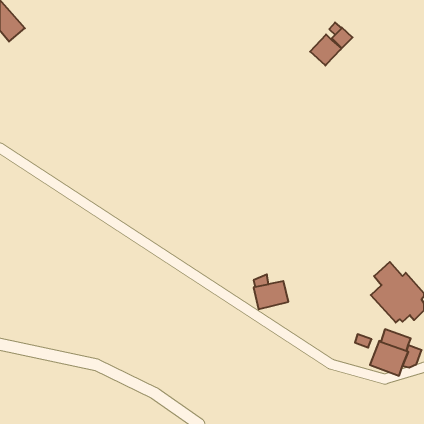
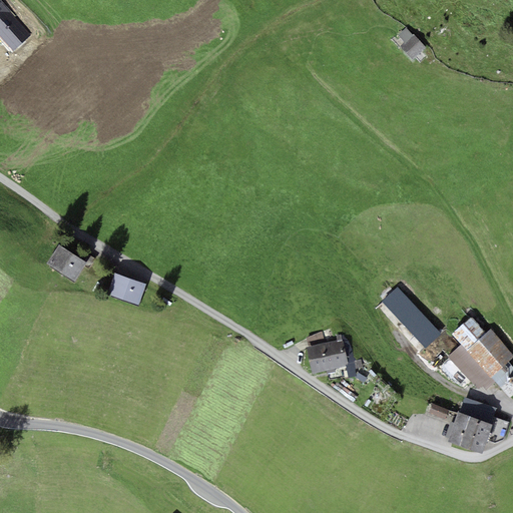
building: [310,34,341,66] -> none
building: none -> [46,244,86,281]
building: none -> [106,272,145,305]
building: none -> [380,286,441,349]

